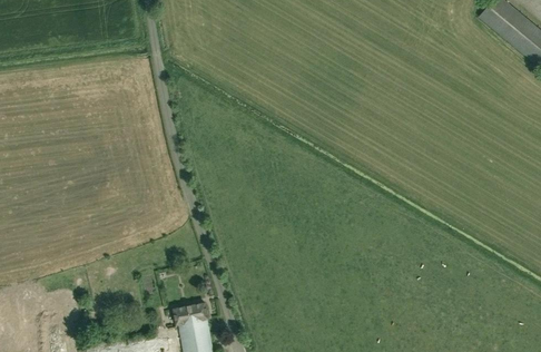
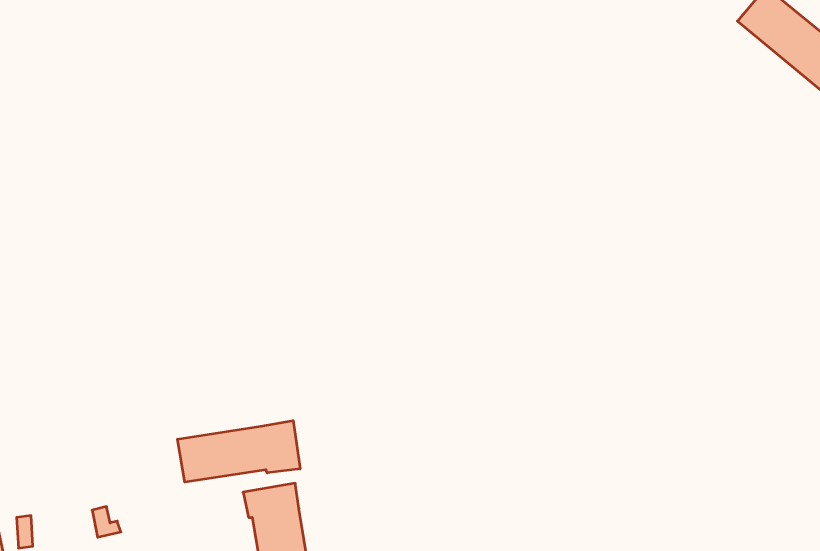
building: none -> [177,421,300,482]

